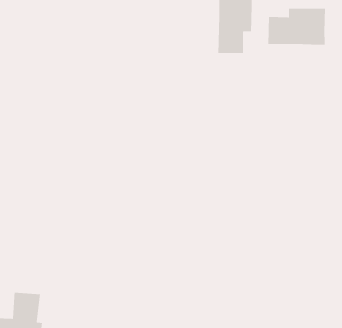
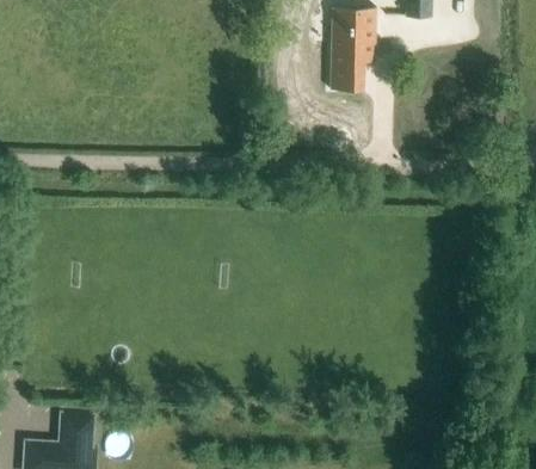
building: [267,8,326,46] -> none

